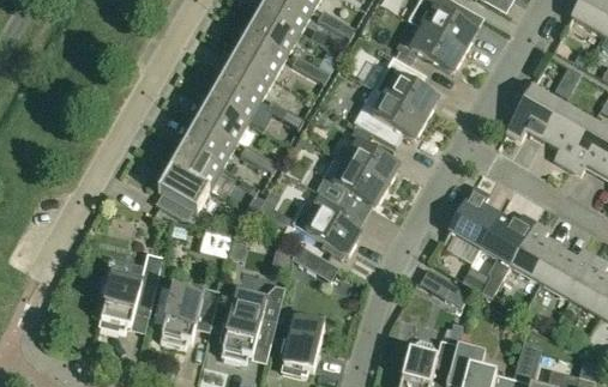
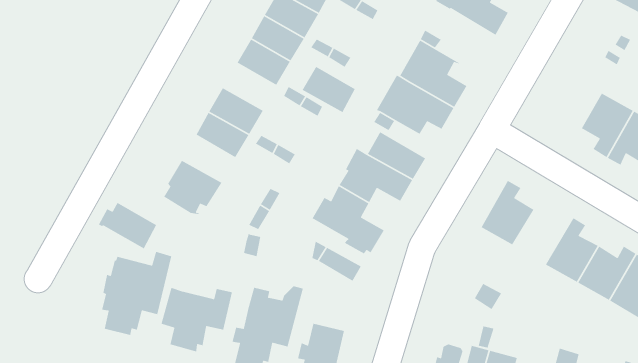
building: [410,26,464,72] -> none
building: [210,77,260,121] -> [302,66,356,113]
building: [506,86,562,138] -> none
building: [167,144,222,188] -> [98,202,157,249]
building: [480,213,536,296] -> none

